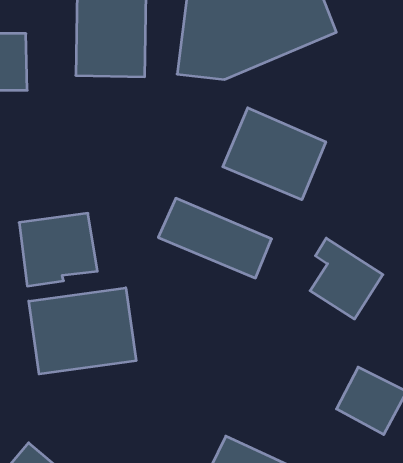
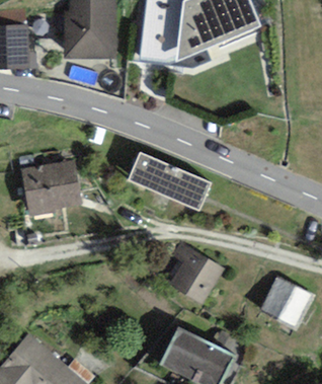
building: [223,108,326,200] -> none
building: [310,238,383,319] -> [169,242,224,303]
building: [29,288,136,374] -> none

